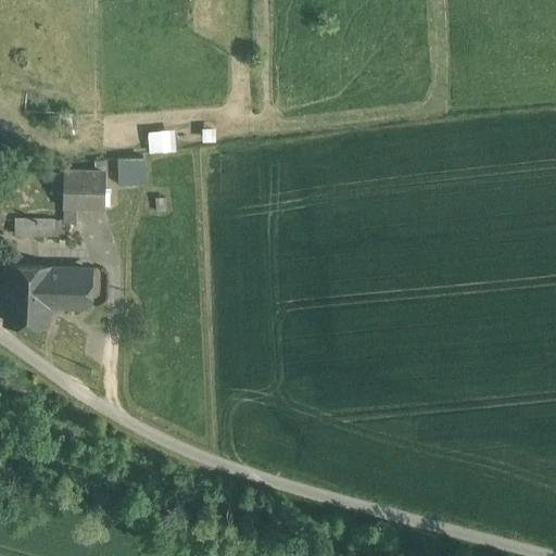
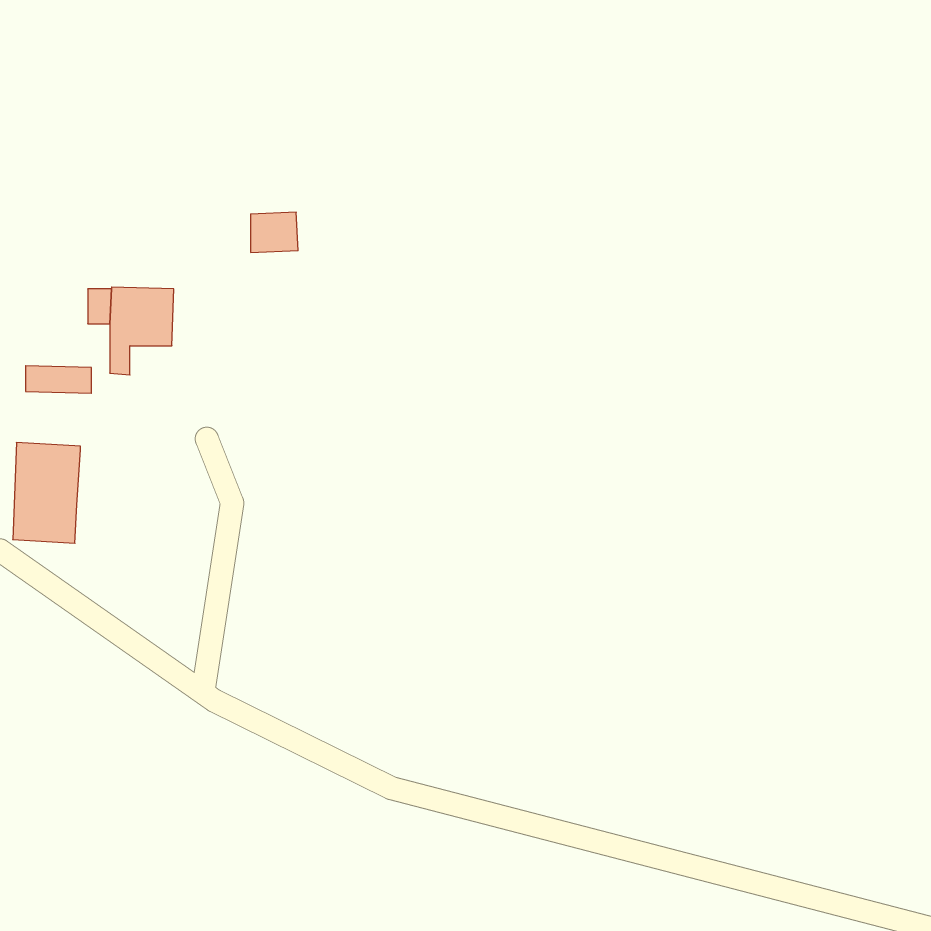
building: [121,159,148,185] -> none
building: [48,269,93,308] -> none

